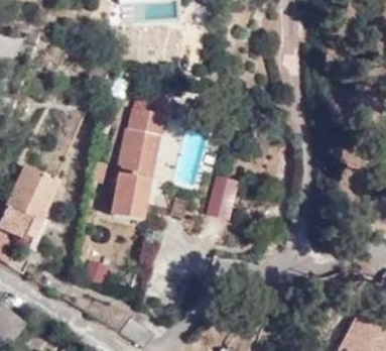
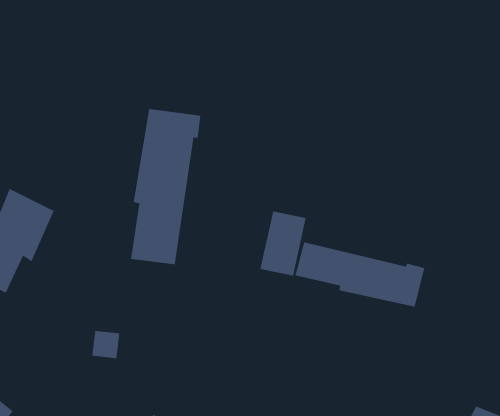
building: none -> [295,242,425,307]

